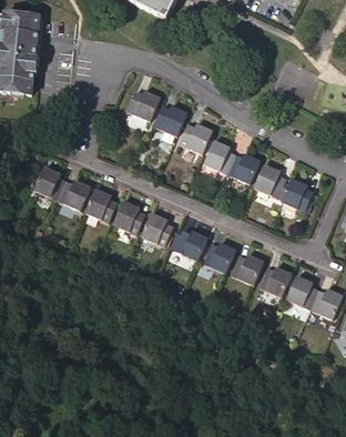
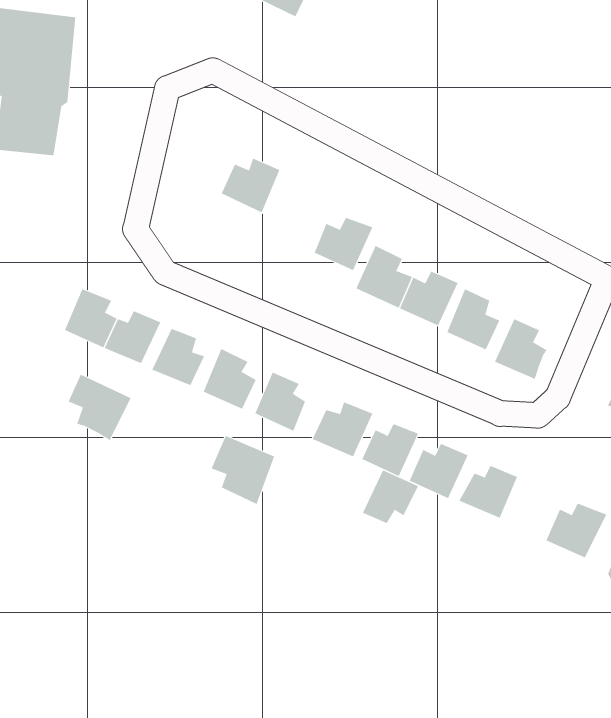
building: [152,108,185,139] -> none
building: none -> [68,374,131,441]
building: none -> [211,435,275,505]
building: none -> [362,470,419,524]
building: [286,274,315,308] -> none

